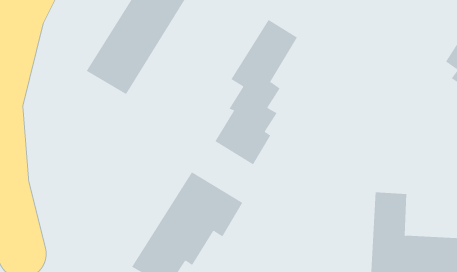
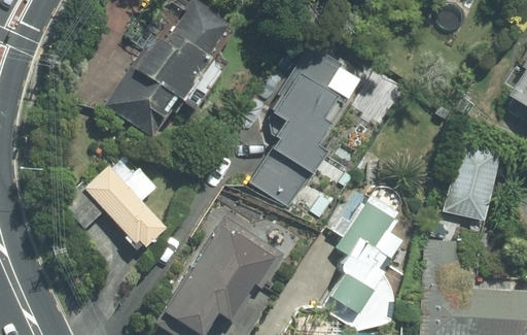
building: none -> [447,143,499,221]
building: none -> [67,160,169,246]
building: none -> [330,193,402,314]

